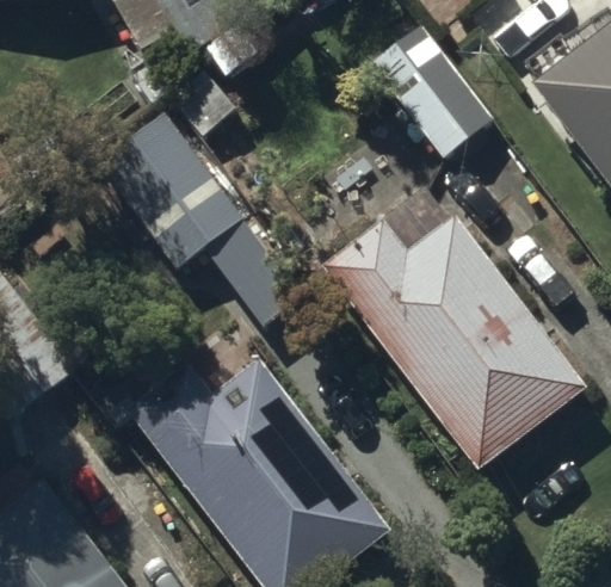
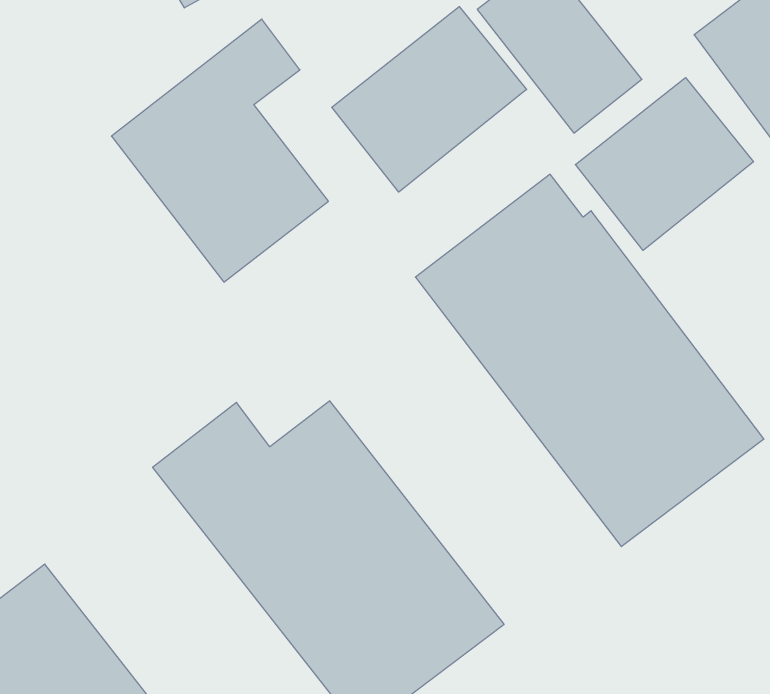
building: none -> [332,7,527,192]
building: none -> [575,78,753,250]

